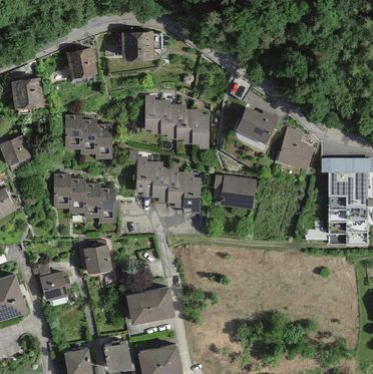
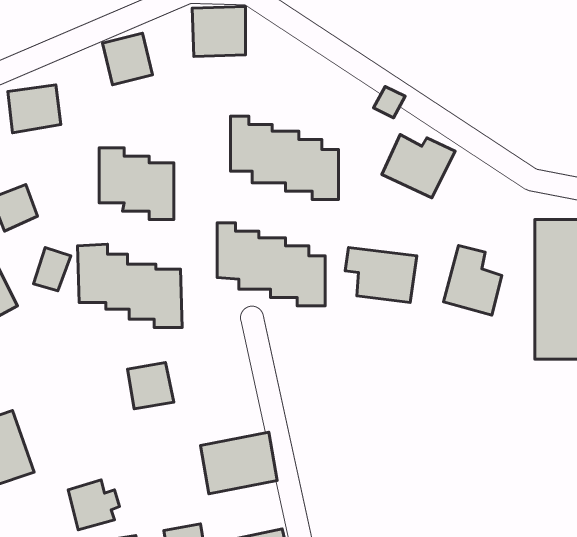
building: [278,127,313,169] -> [444,245,502,315]
building: none -> [34,247,71,291]
building: [39,271,70,301] -> [68,480,120,530]

